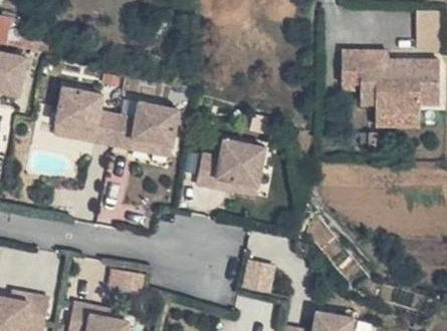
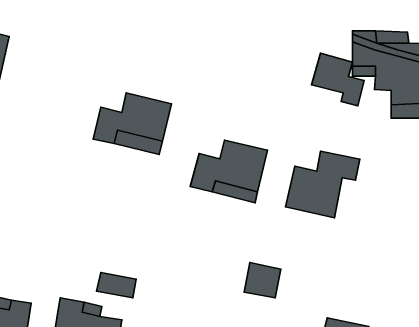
building: none -> [311,53,364,106]
building: [35,83,113,147] -> none
building: none -> [285,151,360,218]

